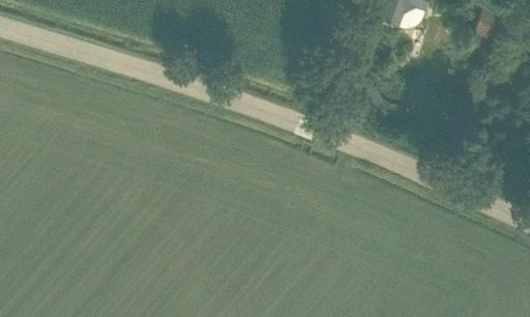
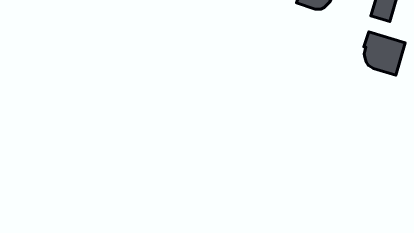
building: none -> [364,32,405,75]

